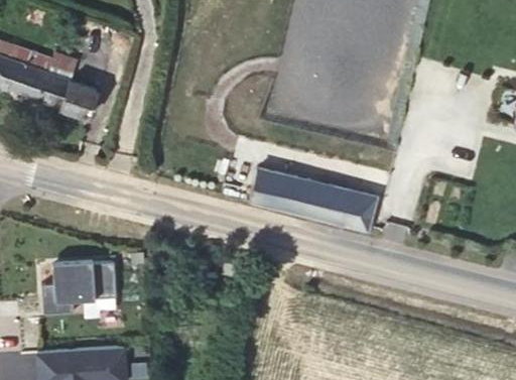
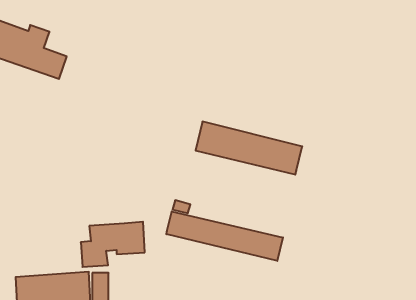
building: [40,260,116,313] -> [81,222,145,267]
building: none -> [166,211,283,261]

